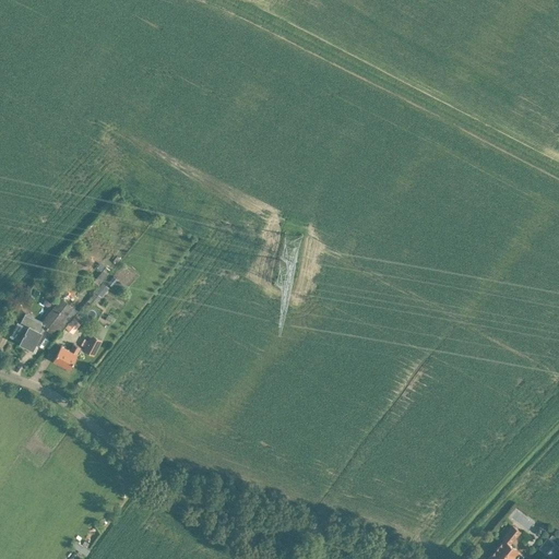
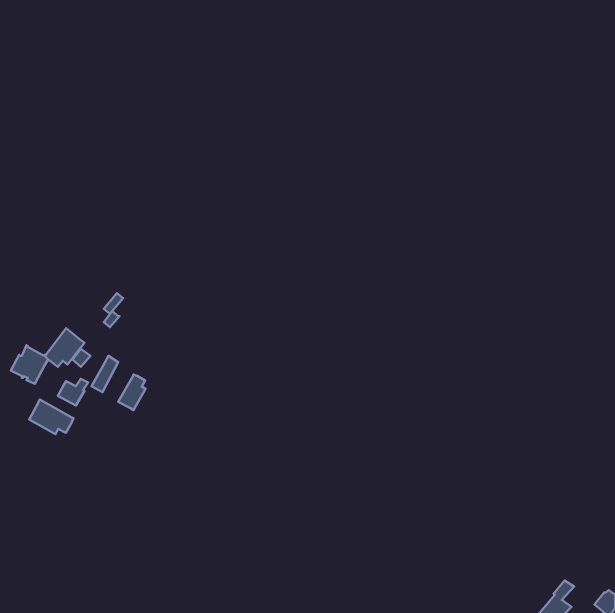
building: none -> [118,374,146,410]
building: none -> [29,399,73,434]

